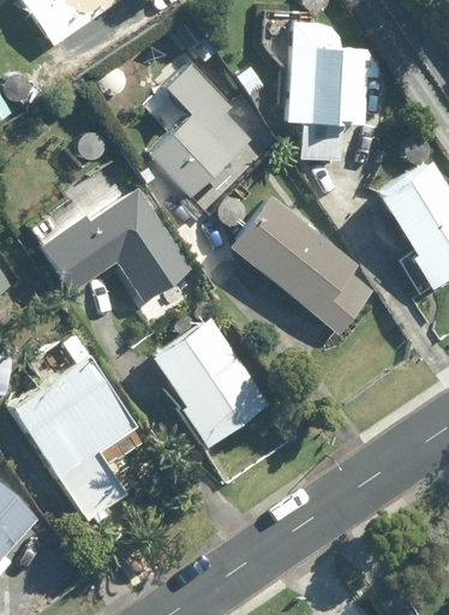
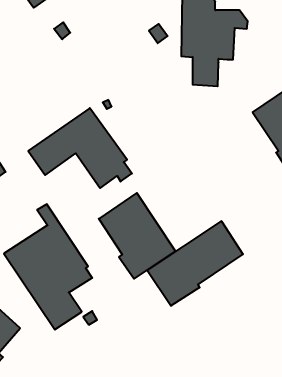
building: [149,64,251,197] -> none
building: [231,196,372,333] -> none
building: none -> [147,221,243,306]

